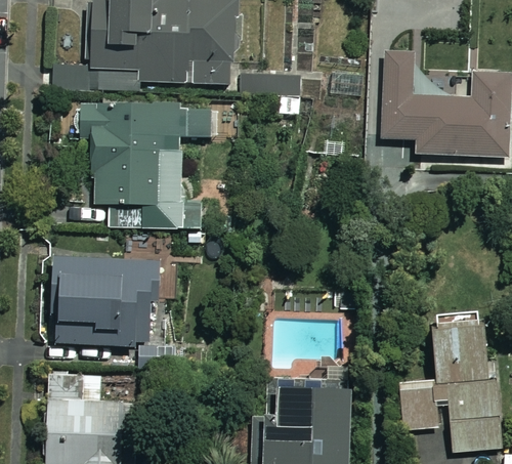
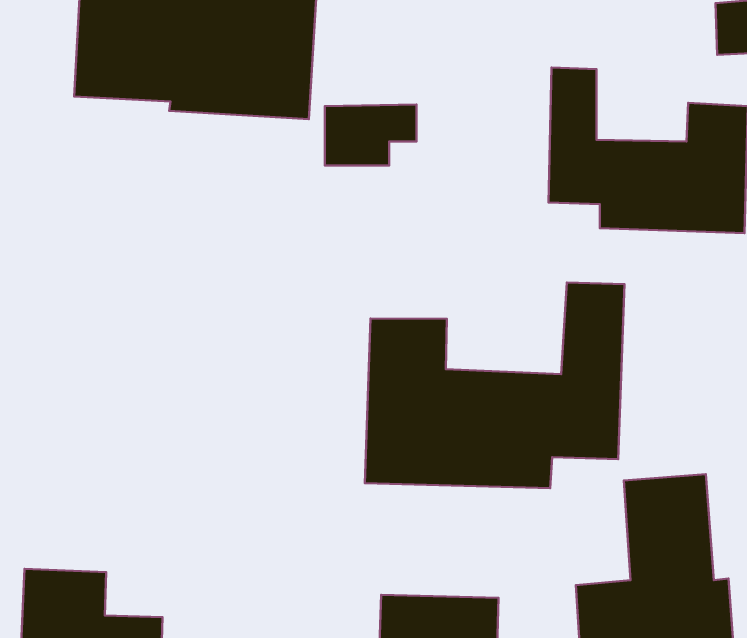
building: [82,104,210,226] -> none
building: none -> [365,283,625,488]
building: [58,252,178,363] -> none

